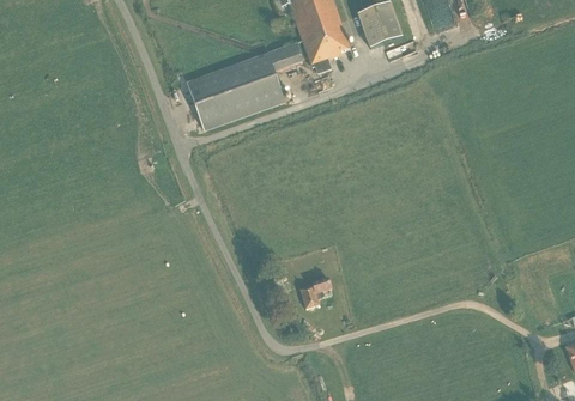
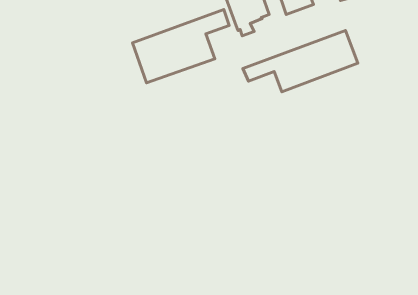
building: none -> [243,31,358,92]
building: [299,278,332,308] -> none

